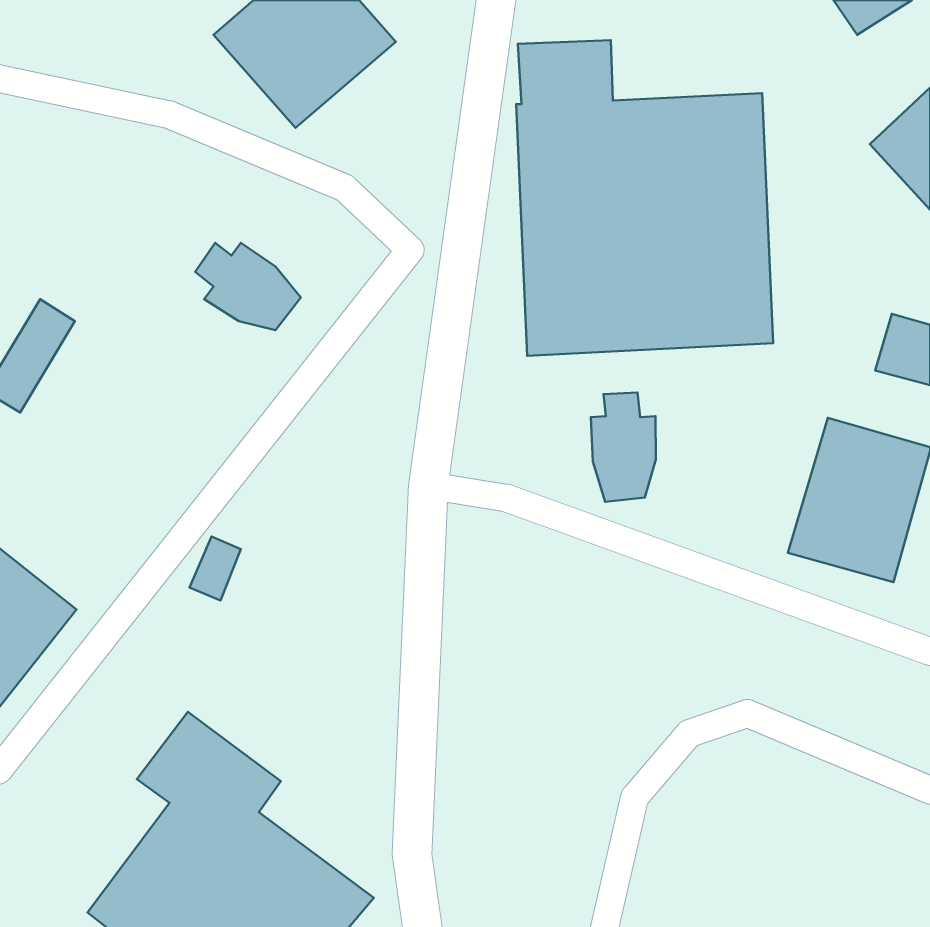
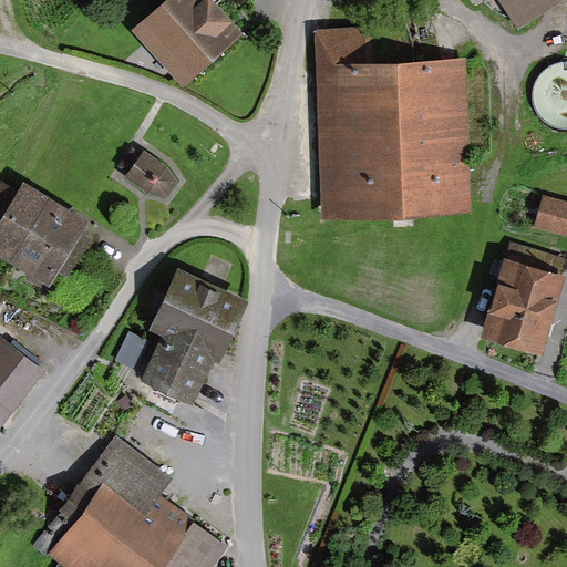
building: none -> [12,198,84,276]
building: [591,393,656,502] -> none
building: none -> [142,266,246,399]

